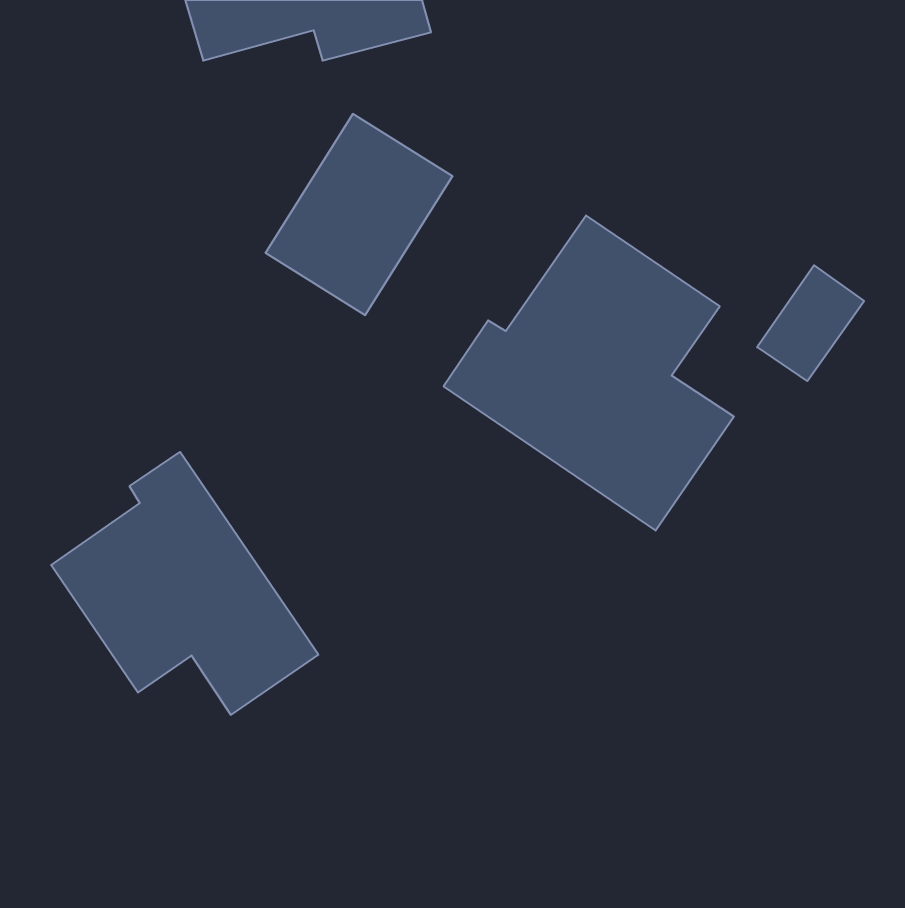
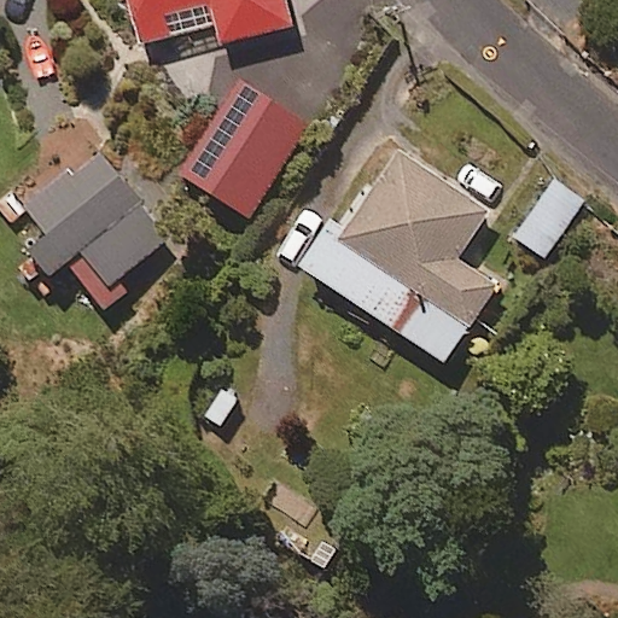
building: none -> [25,152,163,309]
building: [51,452,318,715] -> none

